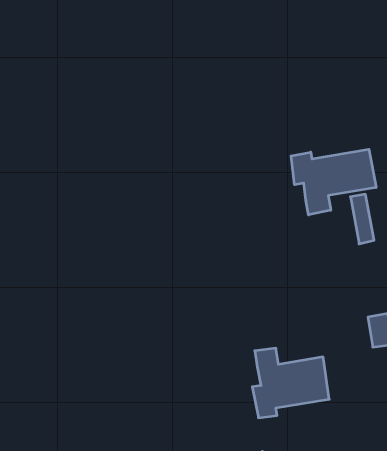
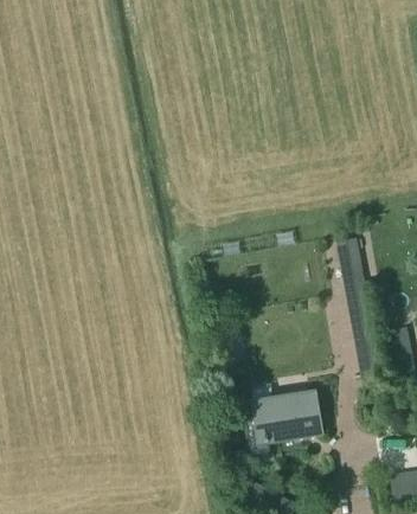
building: [291,149,376,215] -> none

